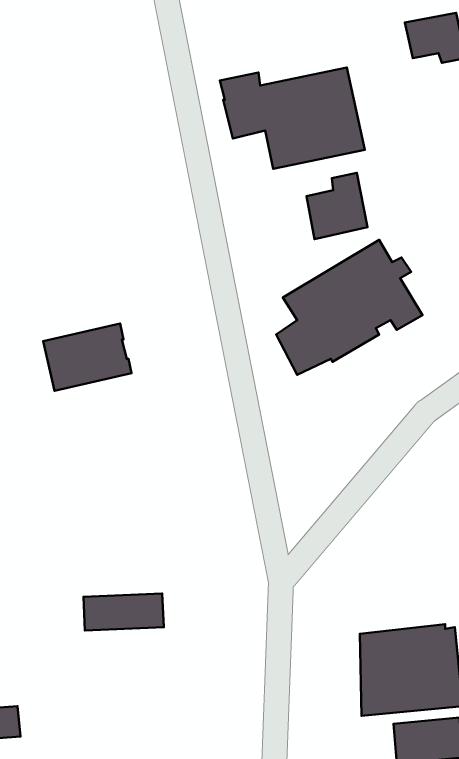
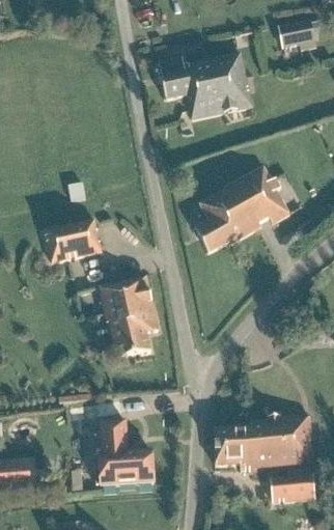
building: [307,173,368,239] -> none
building: none -> [98,275,158,357]
building: none -> [215,418,250,471]
building: none -> [96,419,155,484]

